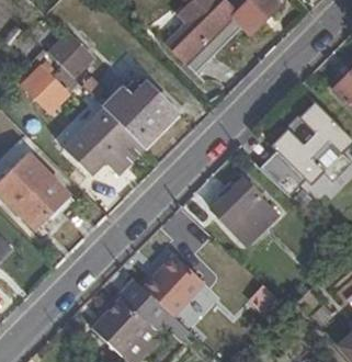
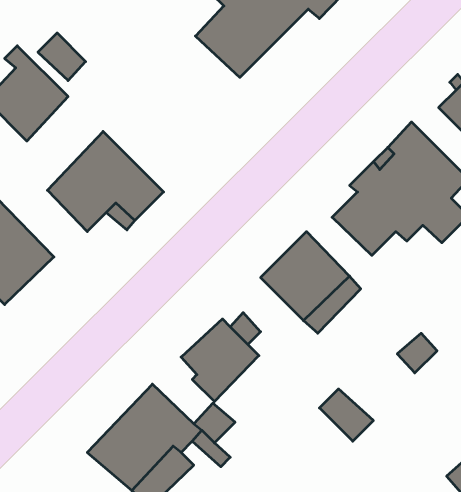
building: [102,83,173,148] -> none

